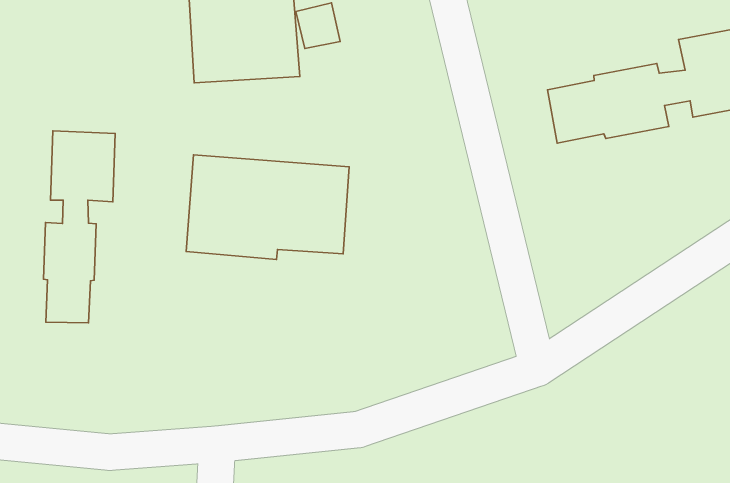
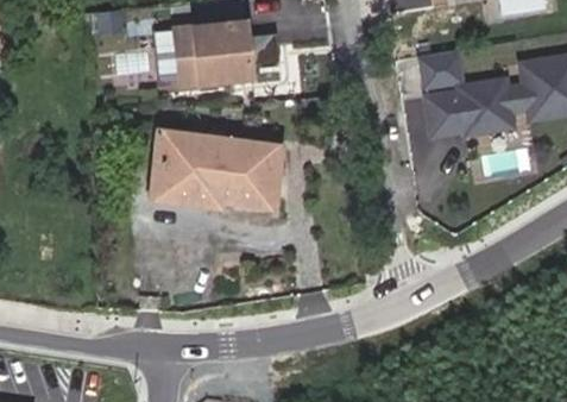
building: none -> [418,52,459,92]
building: [44,131,115,323] -> none

